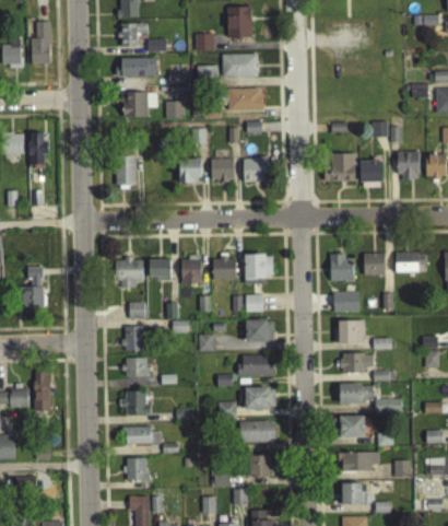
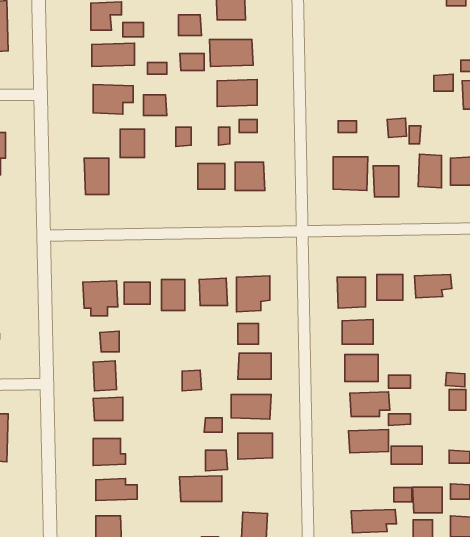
building: [180,159,201,183] -> [120,129,145,158]
building: [340,416,365,437] -> [413,487,442,513]
building: [239,420,275,442] -> [179,476,222,502]

